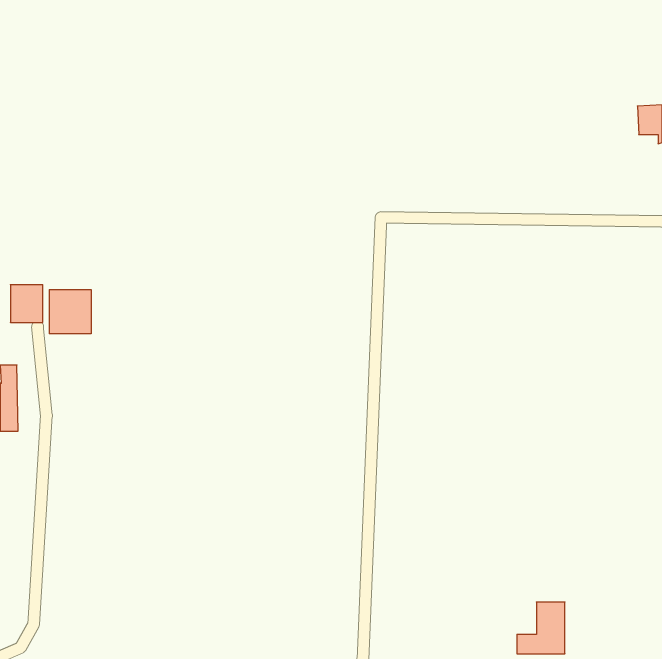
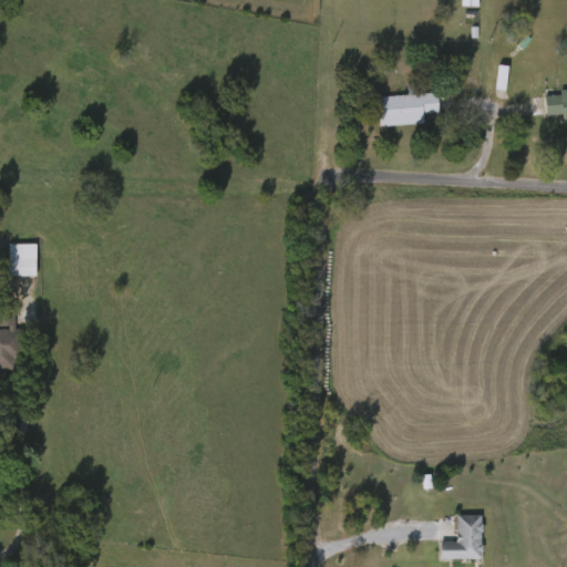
building: none -> [380,94,439,125]
building: [49,290,91,334] -> none

